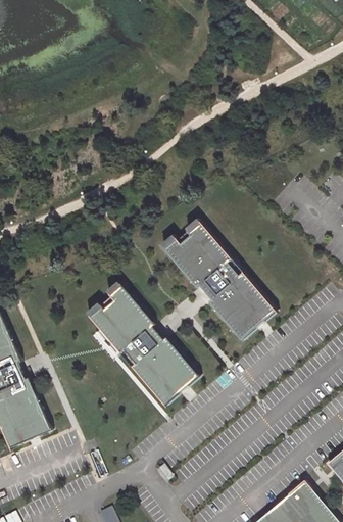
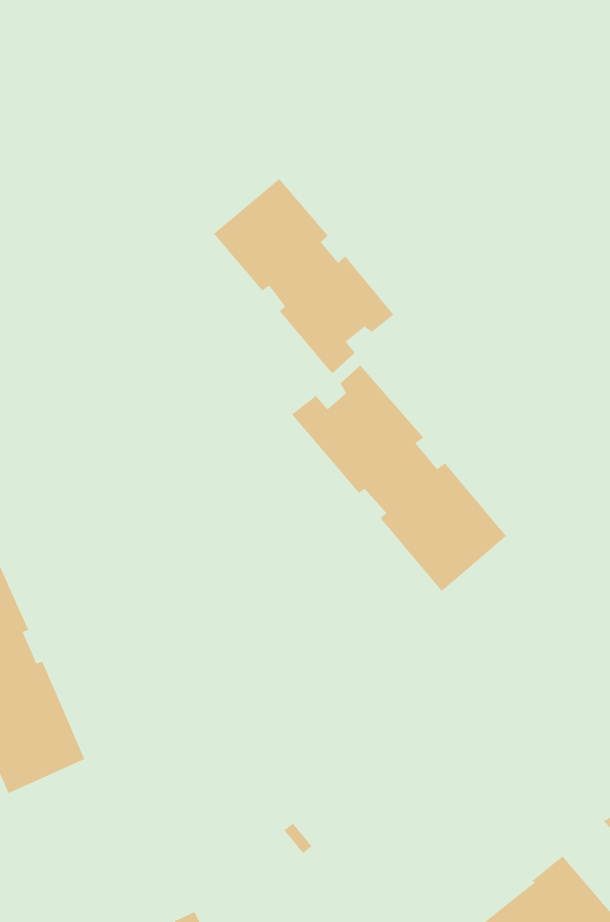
building: none -> [213,178,394,374]
building: [87,281,197,404] -> none

